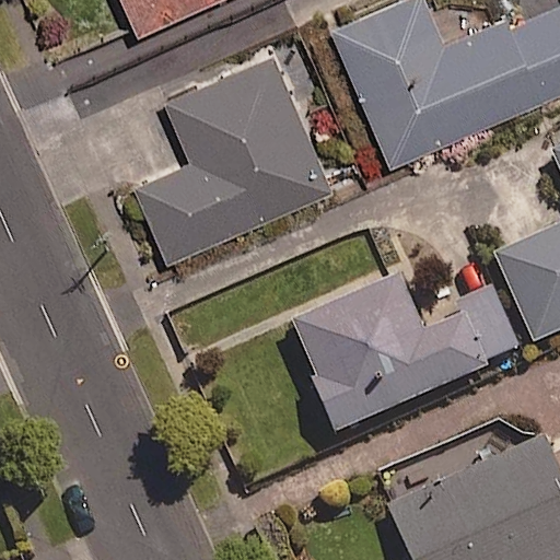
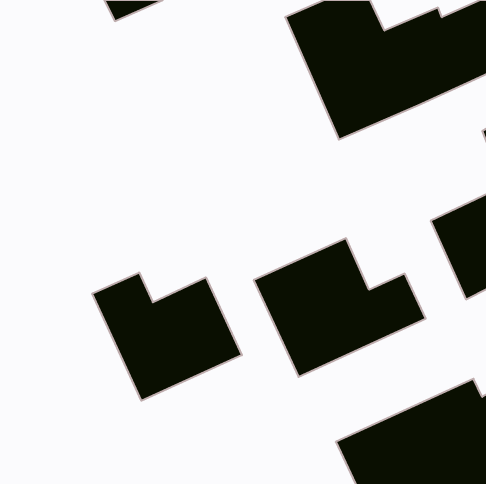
building: [132,50,331,261] -> none
building: none -> [92,272,242,401]

